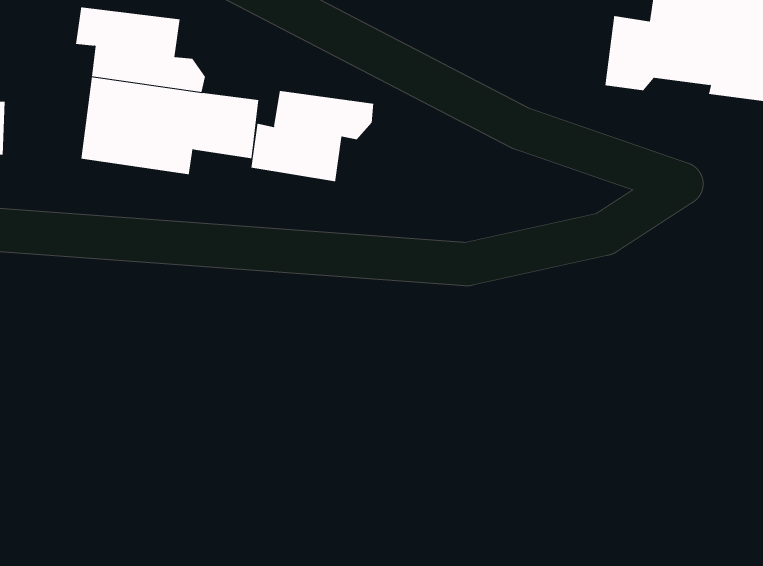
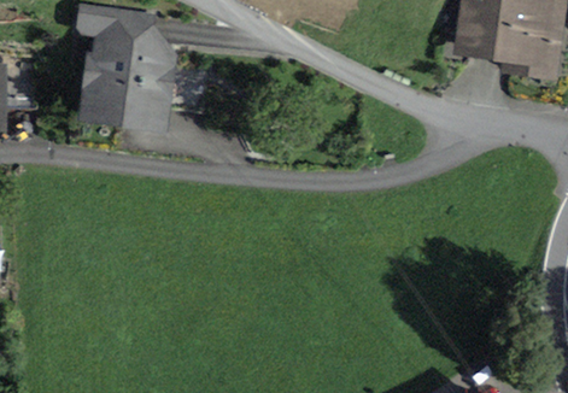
building: [251,90,374,182] -> none

